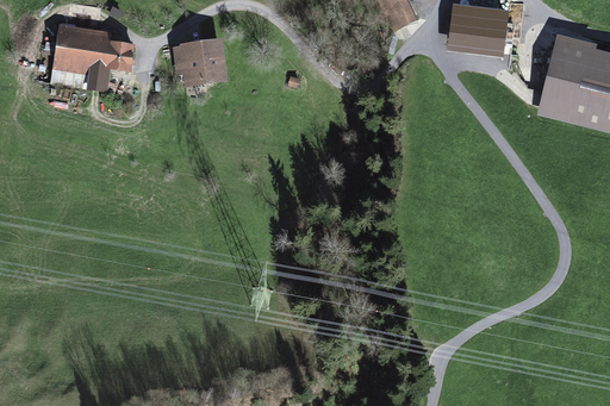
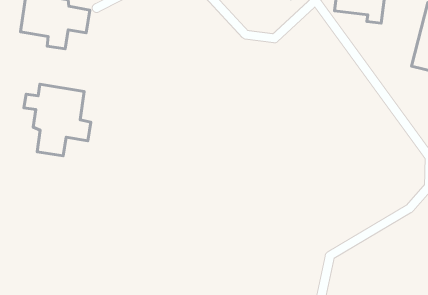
building: [173,37,230,87] -> none
building: none -> [24,84,91,156]

